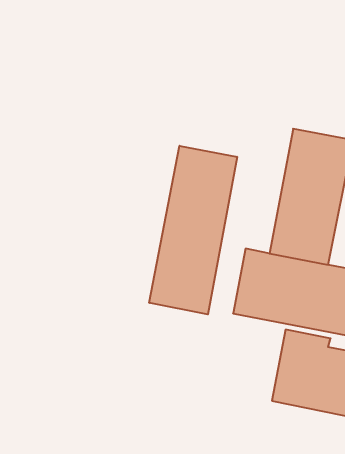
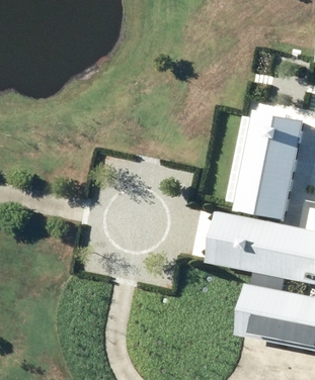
building: [149,146,237,314] -> none

